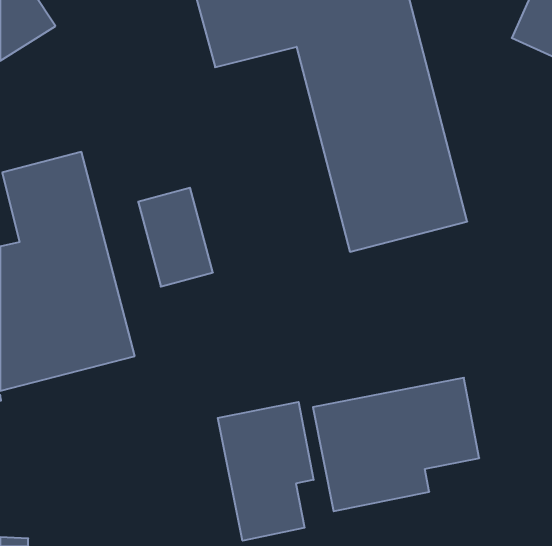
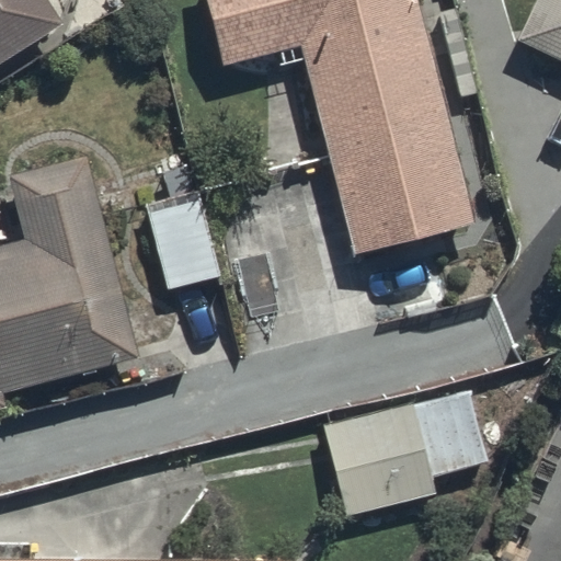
building: [218,402,314,541] -> none

